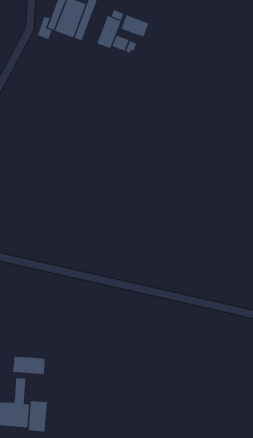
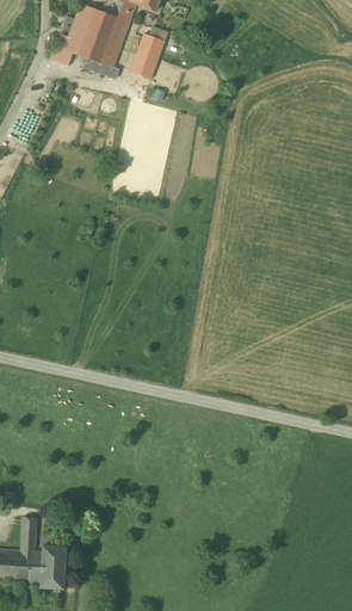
building: [121,14,149,37] -> none
building: [13,356,45,375] -> none

